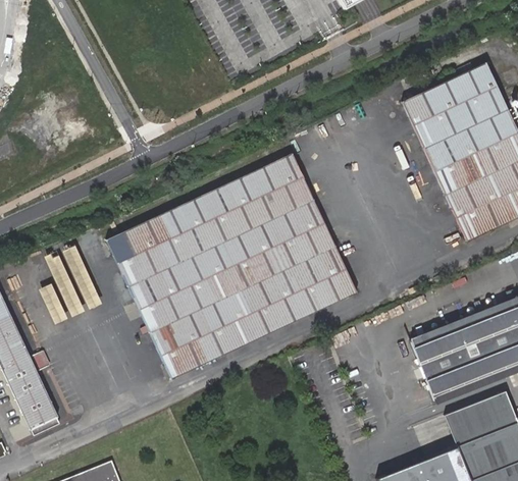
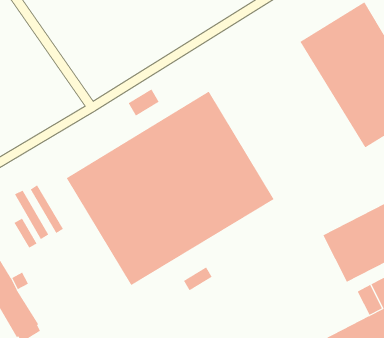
building: none -> [128,88,159,116]
building: none -> [183,266,213,291]

